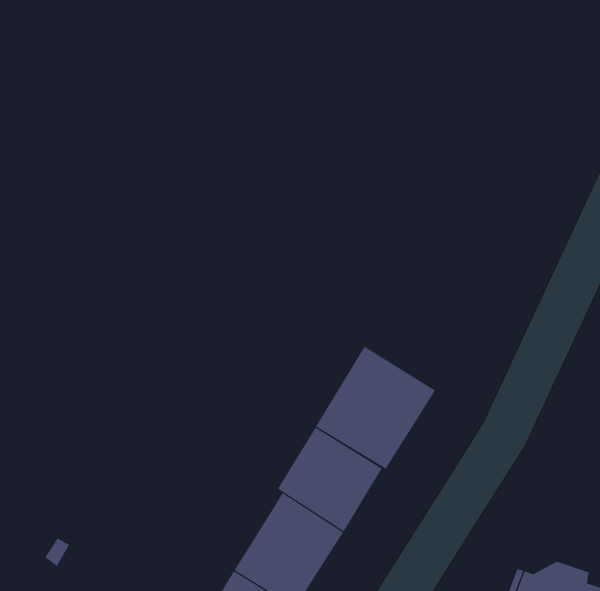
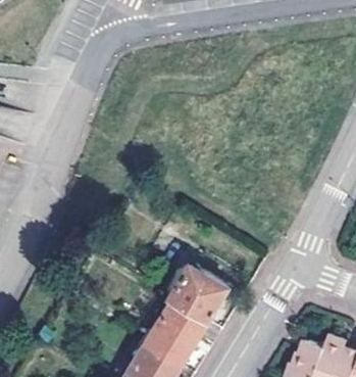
building: [315,346,436,469] -> none

